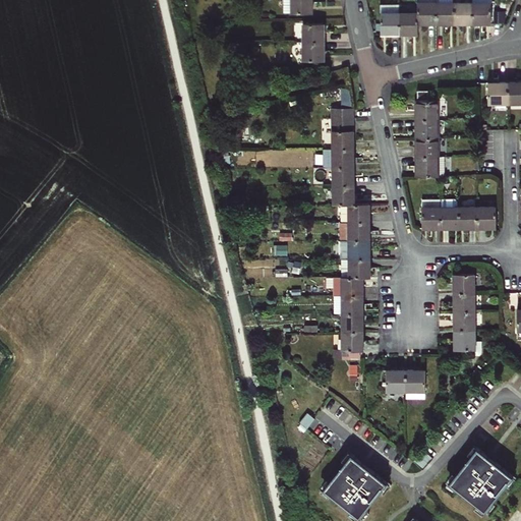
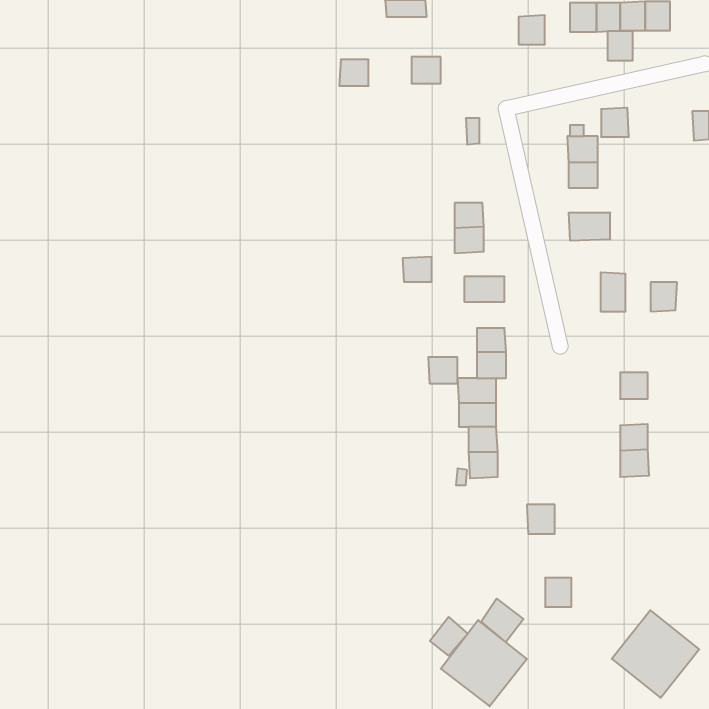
building: [399,12,417,34] -> [608,31,633,61]
building: [301,23,323,43] -> [339,60,369,86]
building: [487,82,508,104] -> [601,108,629,137]
building: [332,121,353,150] -> none
building: [416,138,438,157] -> none
building: [333,185,354,204] -> [403,257,432,282]
building: [421,200,440,230] -> none
building: [458,208,476,229] -> none
building: [348,222,369,241] -> [428,357,457,384]
building: [454,293,474,312] -> none
building: [406,370,425,392] -> [545,578,571,607]
building: none -> [481,599,523,642]
building: none -> [430,617,468,656]

